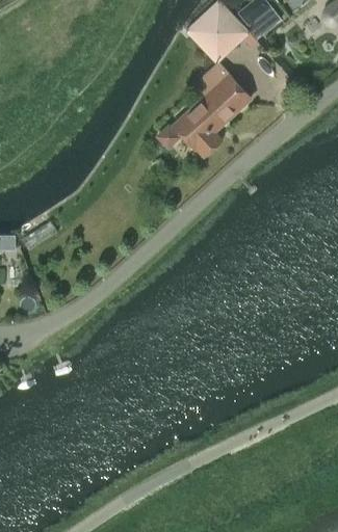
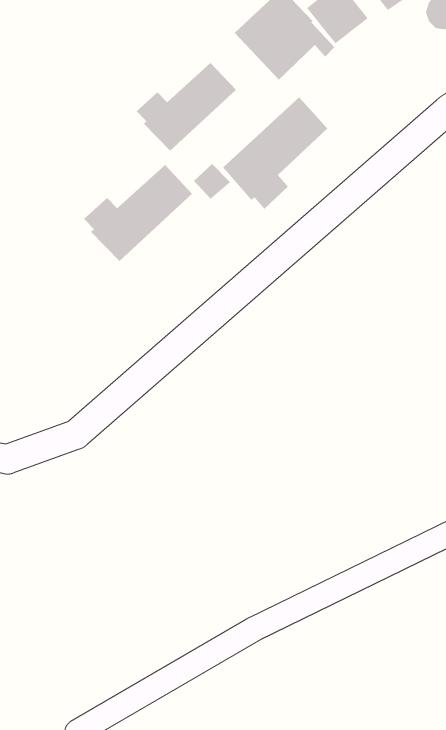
building: none -> [136,62,237,151]
building: none -> [83,164,193,262]

